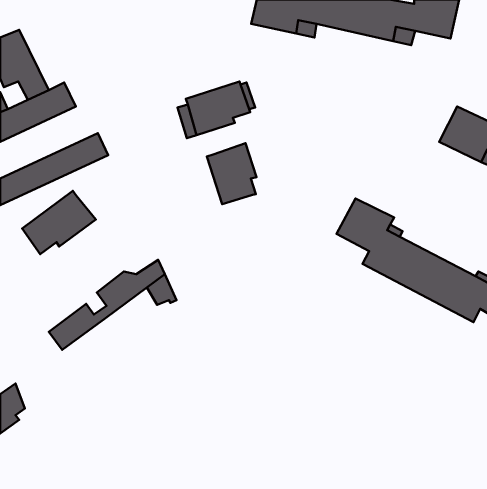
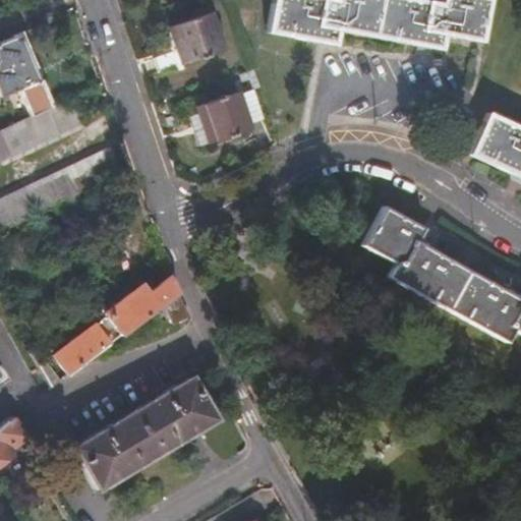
building: none -> [152,11,226,67]
building: [207,143,256,204] -> none
building: [22,191,96,254] -> none
building: none -> [74,373,226,487]

